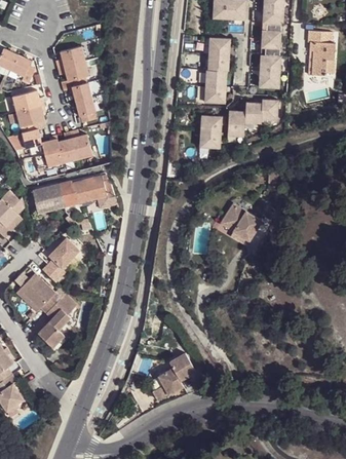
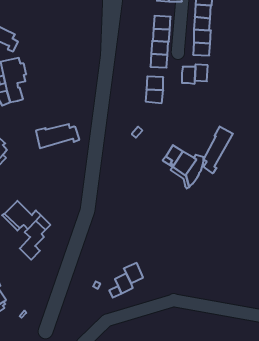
building: [308,32,335,77] -> none
building: [56,47,97,124] -> none
building: [227,110,244,137] -> none
building: [35,130,92,166] -> none
building: none -> [204,126,233,173]
building: [33,184,64,213] -> none
building: [41,236,78,281] -> none

